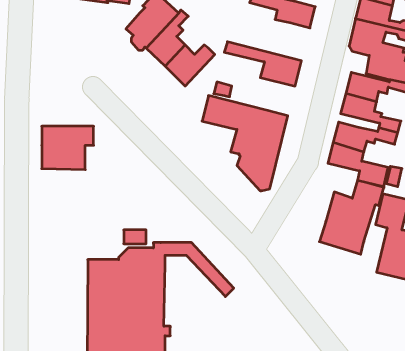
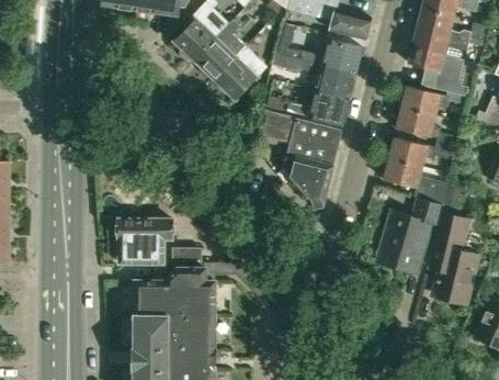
building: none -> [280,26,363,74]
building: none -> [285,91,350,126]
building: [42,126,94,170] -> [118,219,172,264]

